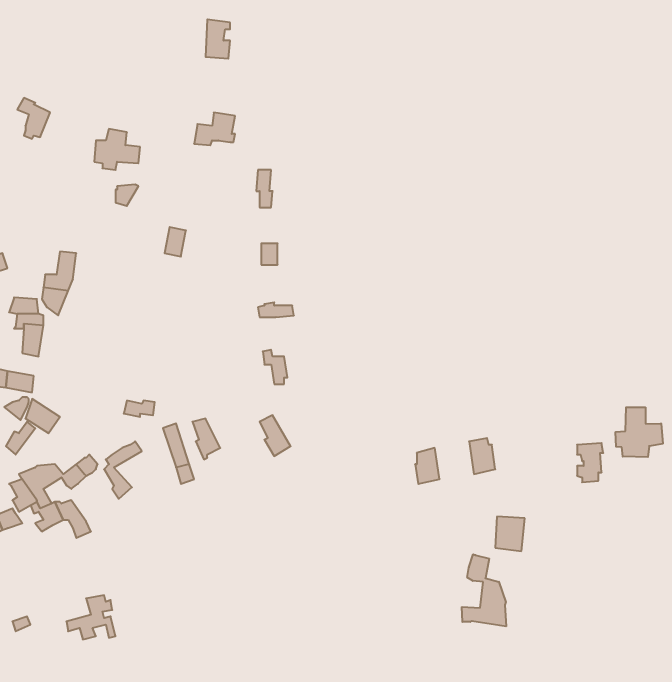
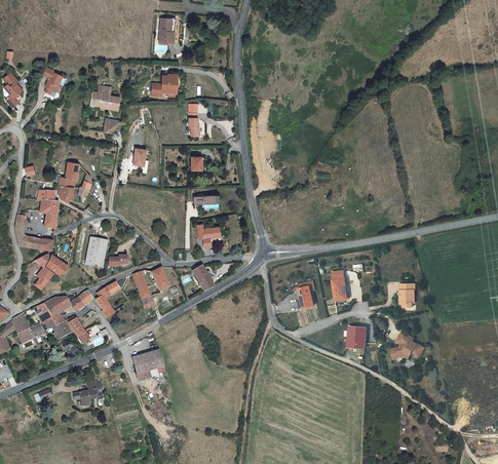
building: none -> [86,235,109,266]
building: [616,407,663,457] -> none
building: none -> [384,330,417,357]
building: none -> [131,349,163,376]
building: [462,554,506,626] -> none

